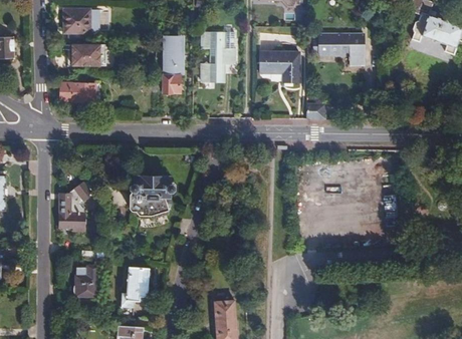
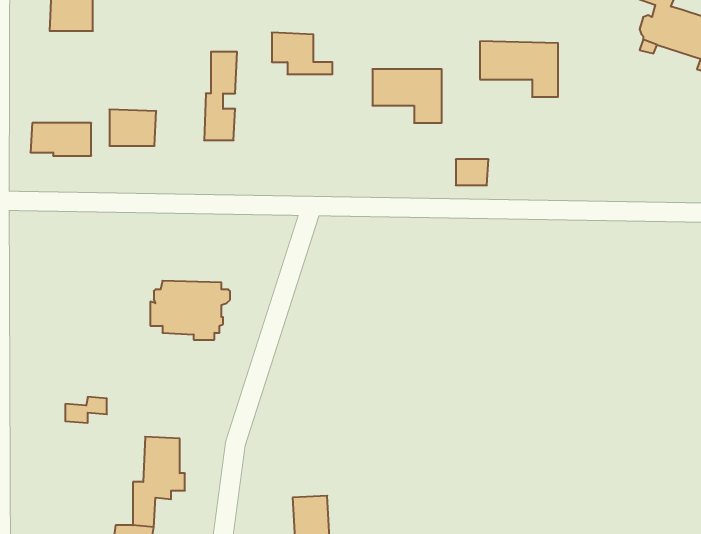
building: [68,45,95,66] -> [109,109,156,146]
building: [200,56,235,81] -> none
building: [58,179,99,233] -> none
building: [76,264,96,295] -> none

